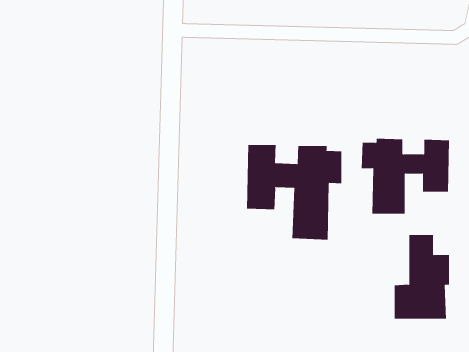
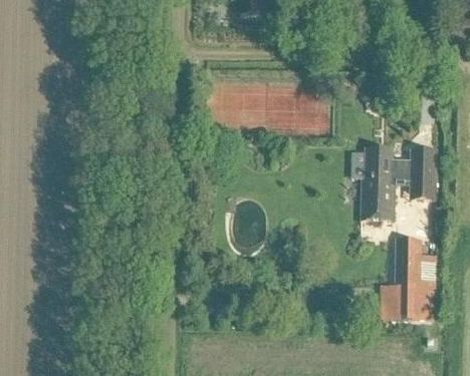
building: [247,144,342,241] -> none

